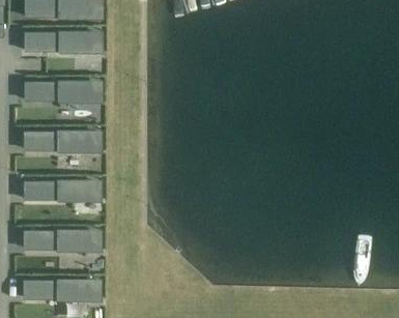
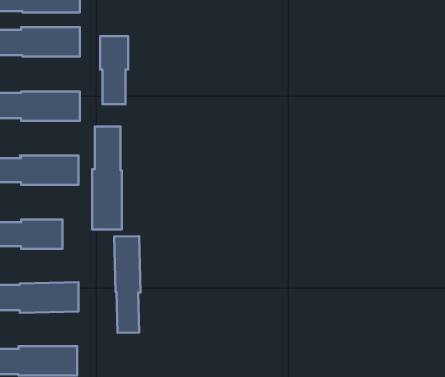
building: none -> [100,36,128,104]
building: none -> [92,126,122,230]
building: none -> [114,236,140,333]

